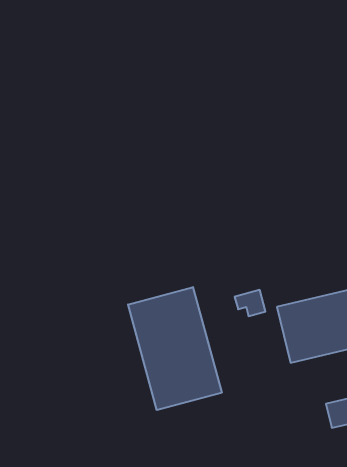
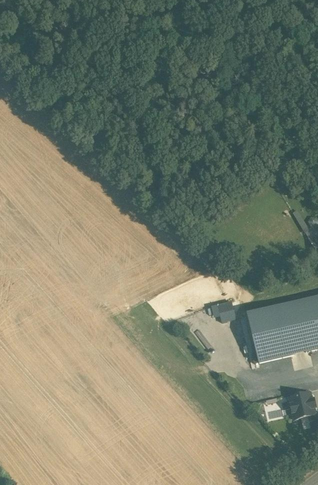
building: [128,287,222,410] -> none

